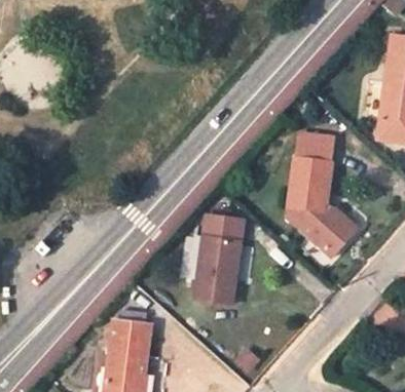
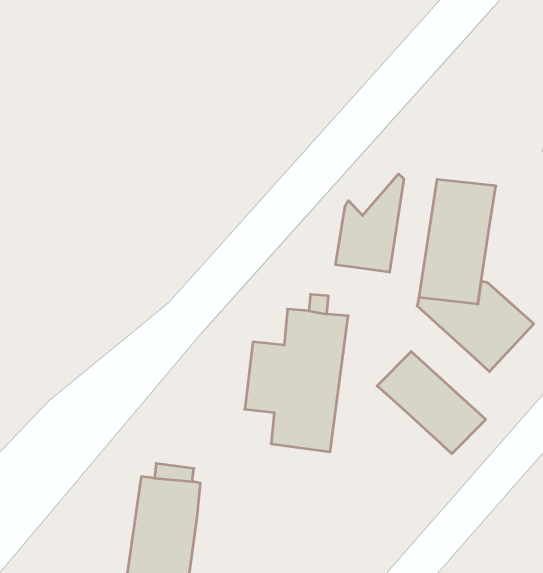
building: none -> [336,174,404,272]
building: none -> [377,351,486,454]

